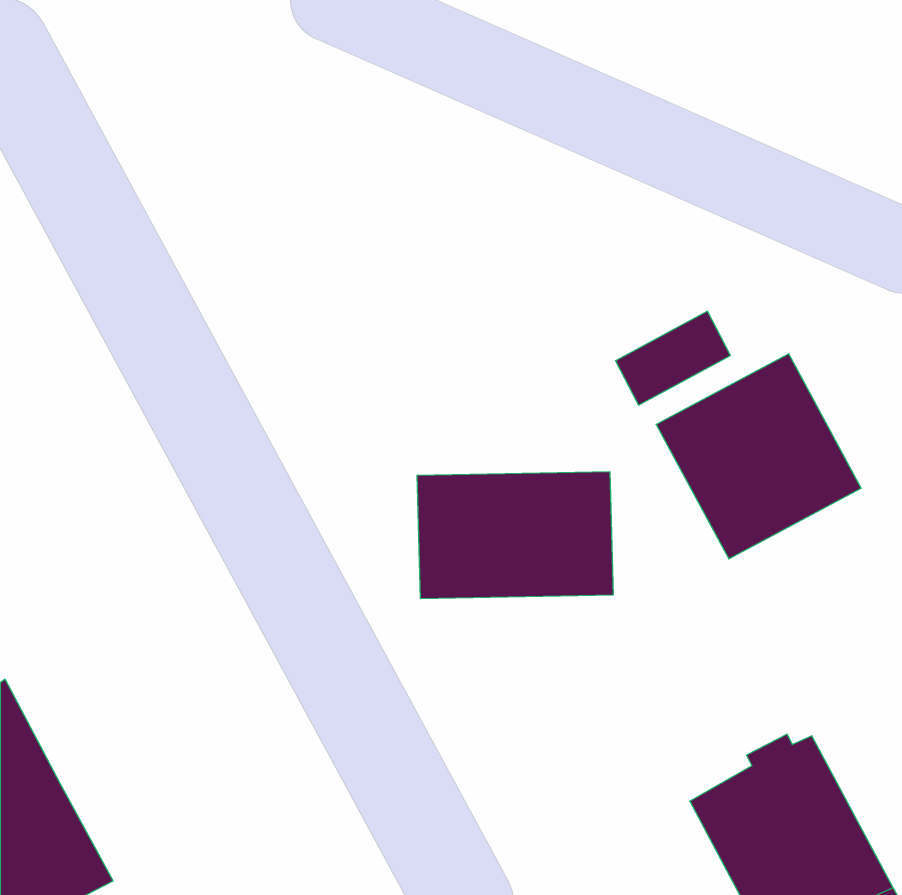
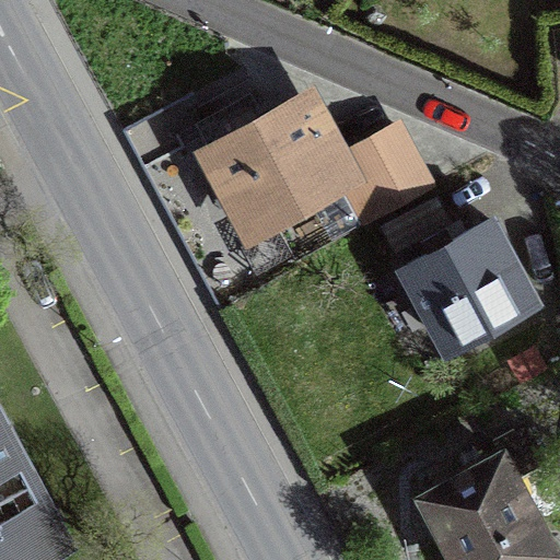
building: none -> [205,109,429,223]
building: [417,472,613,599] -> none

